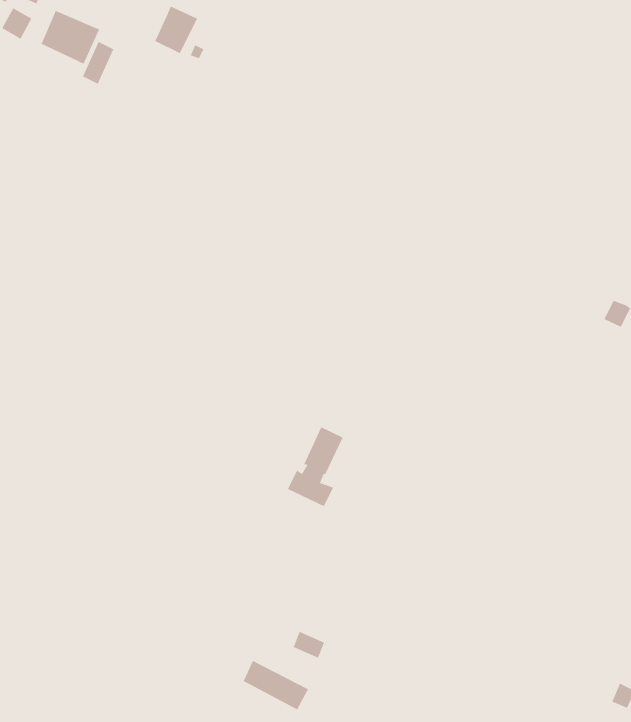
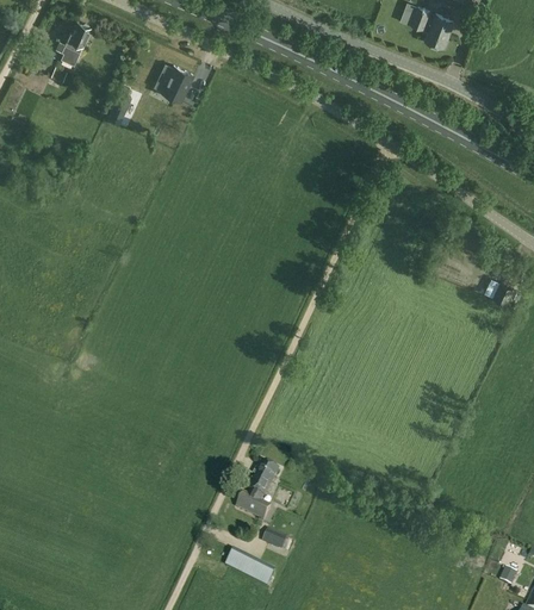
building: [41,10,100,64] -> none
building: [287,426,343,507] -> [236,461,278,521]

